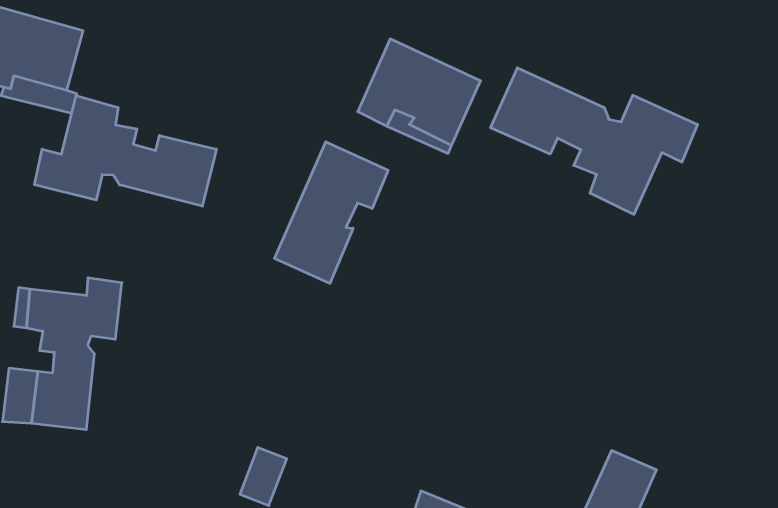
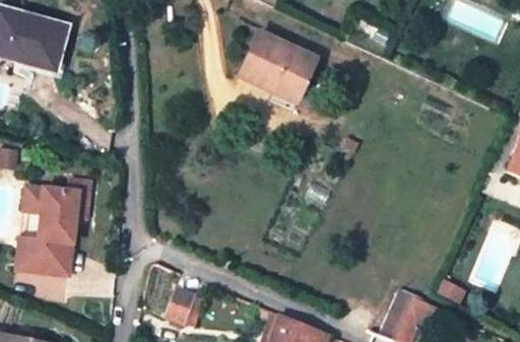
building: [491,68,698,214] -> none
building: [34,96,216,206] -> none
building: [274,142,388,283] -> none

